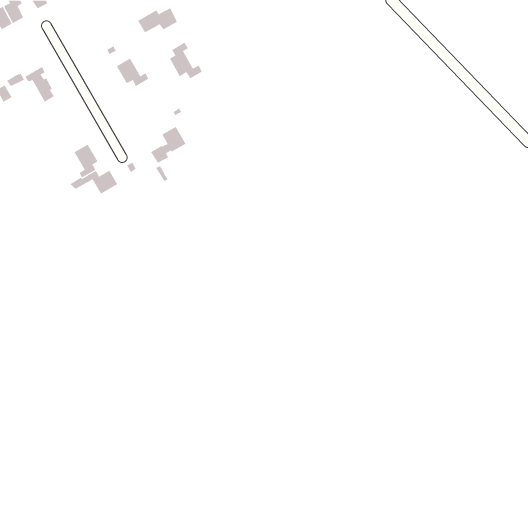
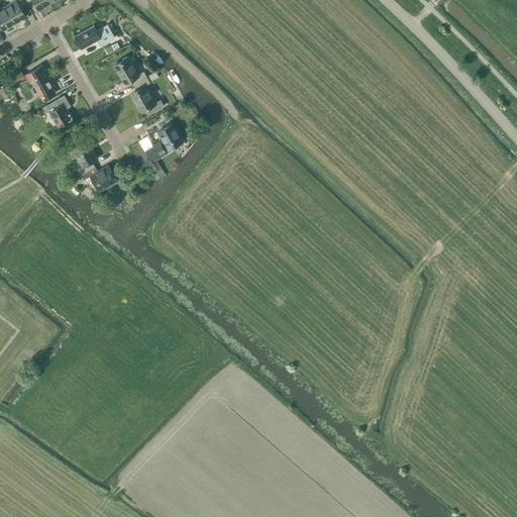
building: [137,7,178,33] -> [74,23,113,48]
building: [169,42,202,79] -> [130,77,163,113]
building: none -> [40,95,72,127]

